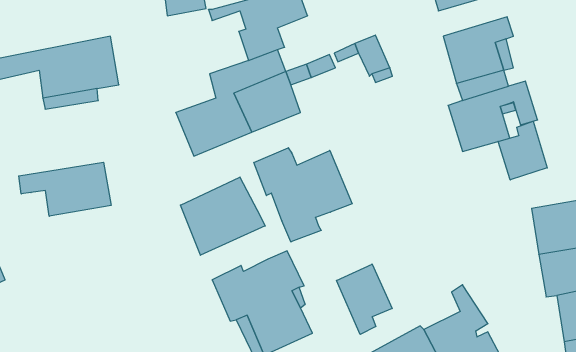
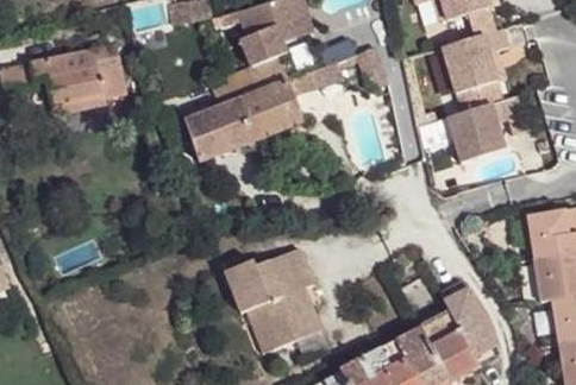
building: [498,121,547,180] -> none
building: [254,148,352,242] -> none
building: [19,162,111,216] -> none
building: [180,177,265,255] -> none
building: [337,264,392,334] -> none

